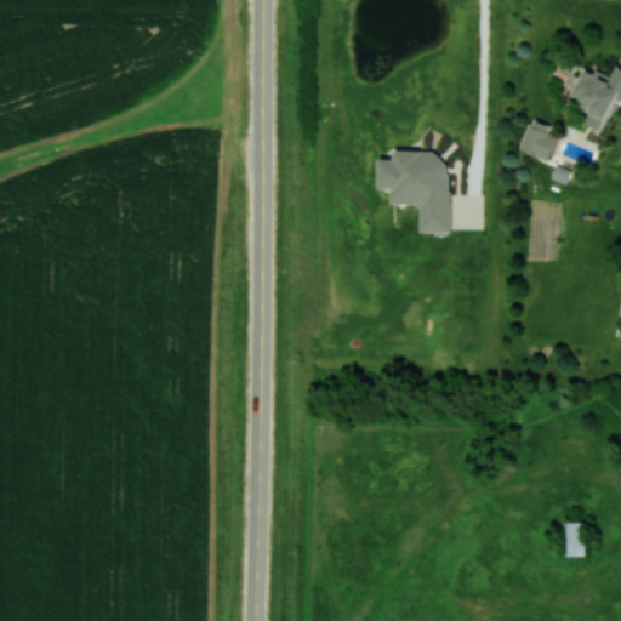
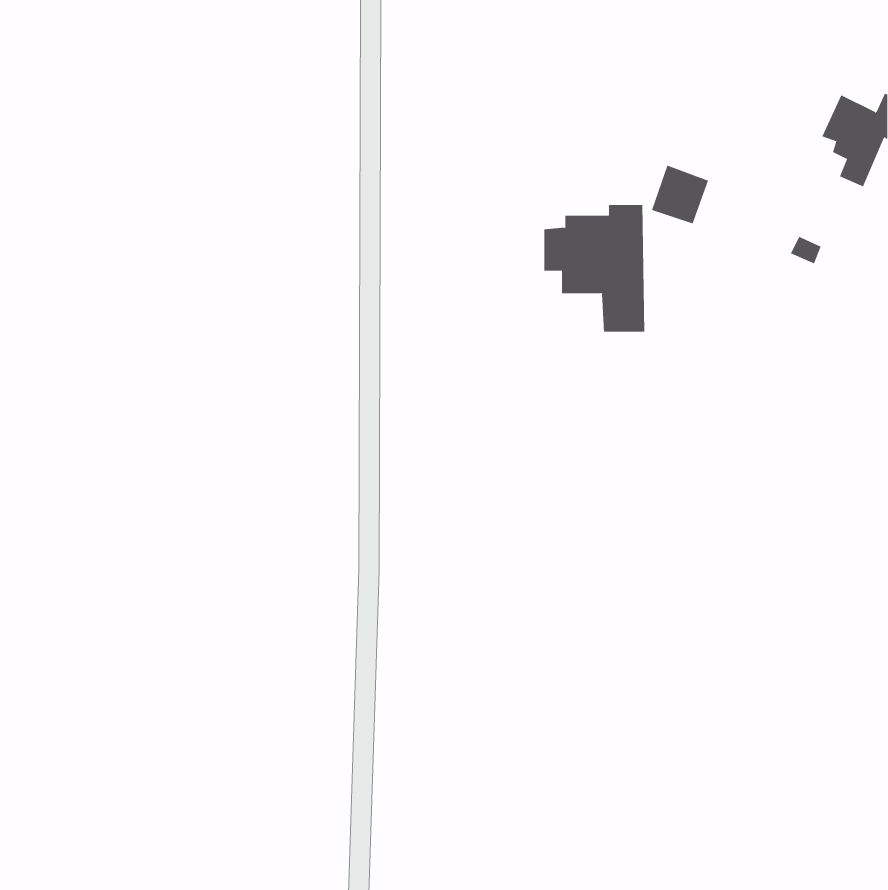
building: [518,120,558,161] -> [651,165,709,224]
building: [568,524,585,557] -> none

